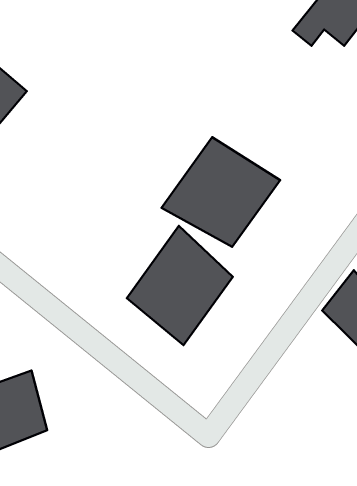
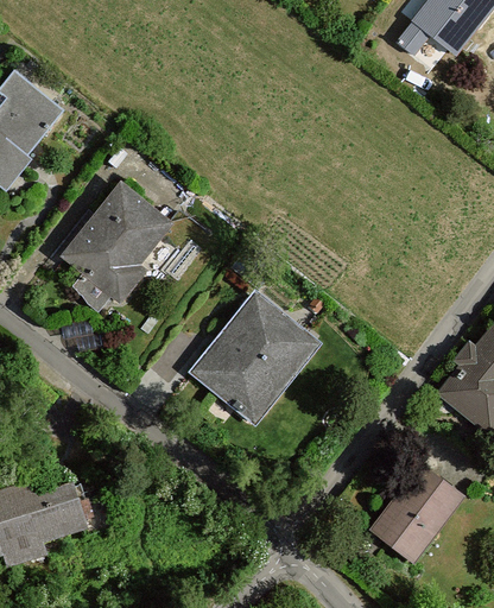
building: [161,137,280,247] -> none
building: none -> [55,177,177,303]
building: none -> [367,462,461,568]

